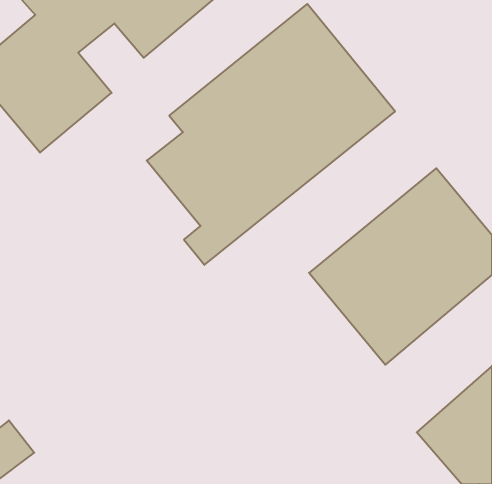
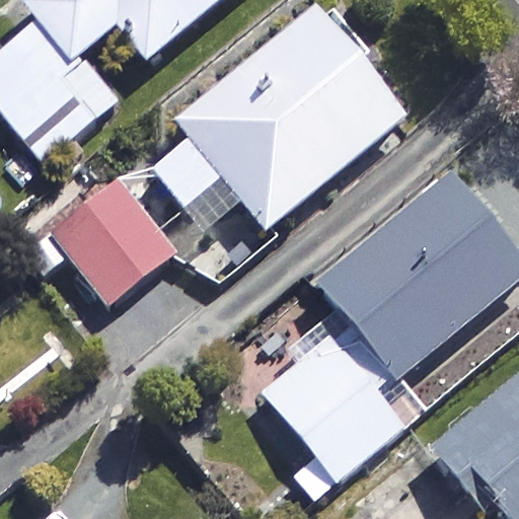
building: none -> [52,180,174,302]
building: none -> [262,323,415,498]

